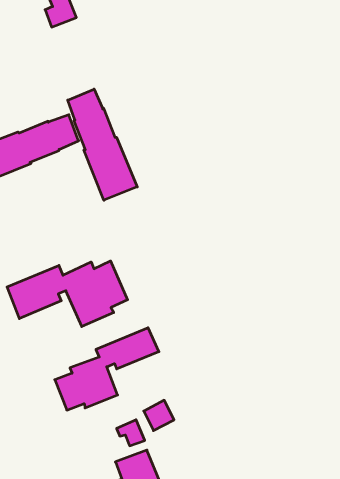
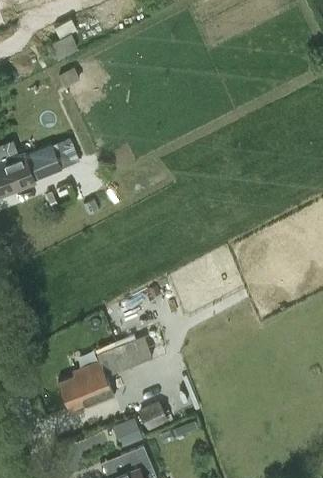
building: [68,89,137,200] -> none
building: [7,261,128,327] -> none

